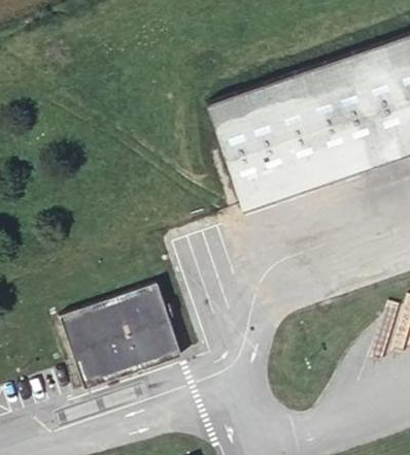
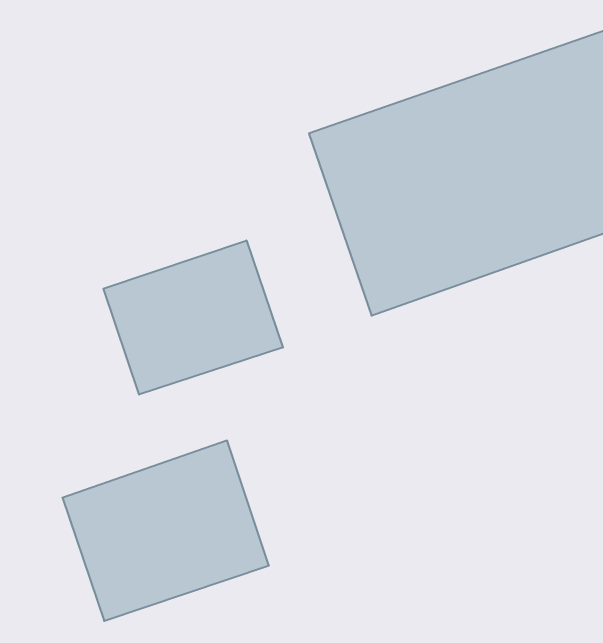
building: none -> [103,240,283,395]

